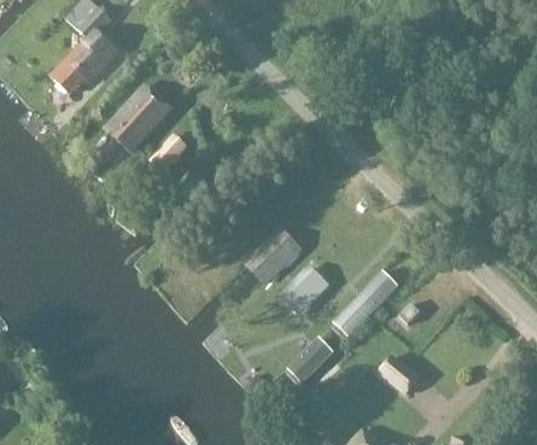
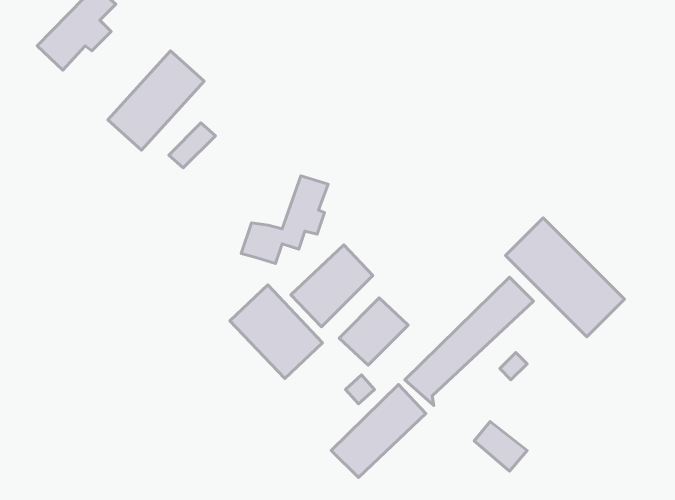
building: none -> [241,176,328,264]
building: none -> [505,218,625,337]
building: none -> [230,285,323,379]

